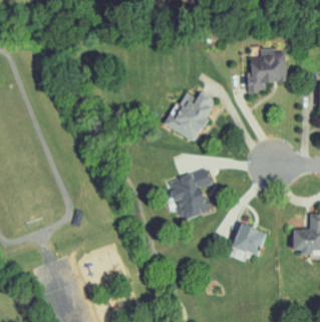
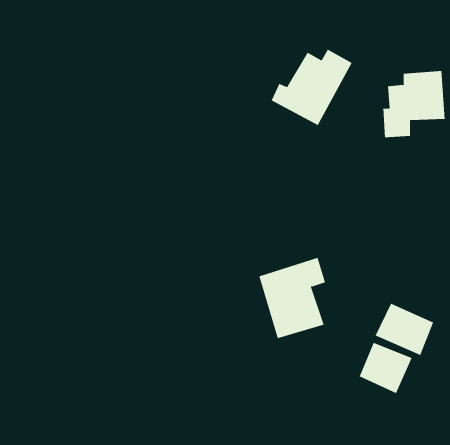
building: [164,91,216,140] -> [271,49,353,126]
building: none -> [375,303,434,356]

